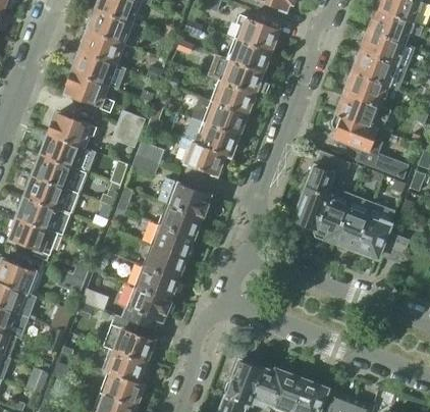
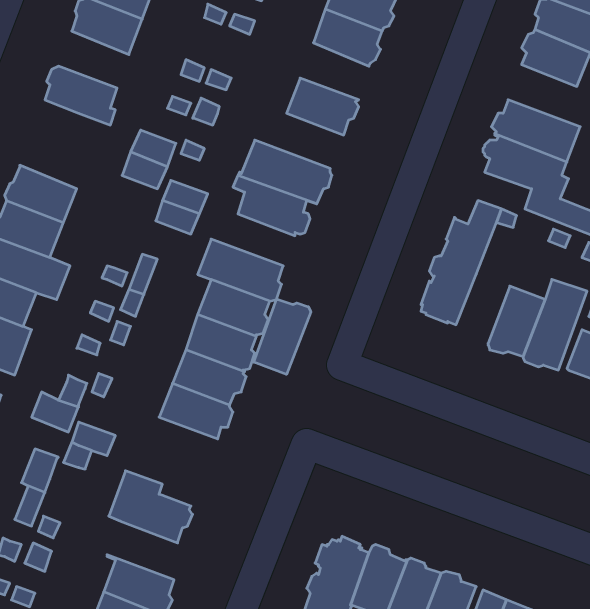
building: [73,51,116,86] -> none
building: [220,58,262,93] -> none
building: [346,71,390,109] -> none
building: [193,97,248,135] -> none
building: [49,112,97,147] -> none
building: [313,195,351,241] -> none
building: none -> [254,298,311,374]
building: [122,286,171,329] -> none
building: [103,349,150,384] -> none

